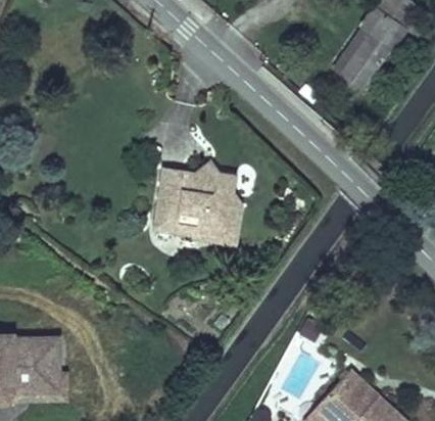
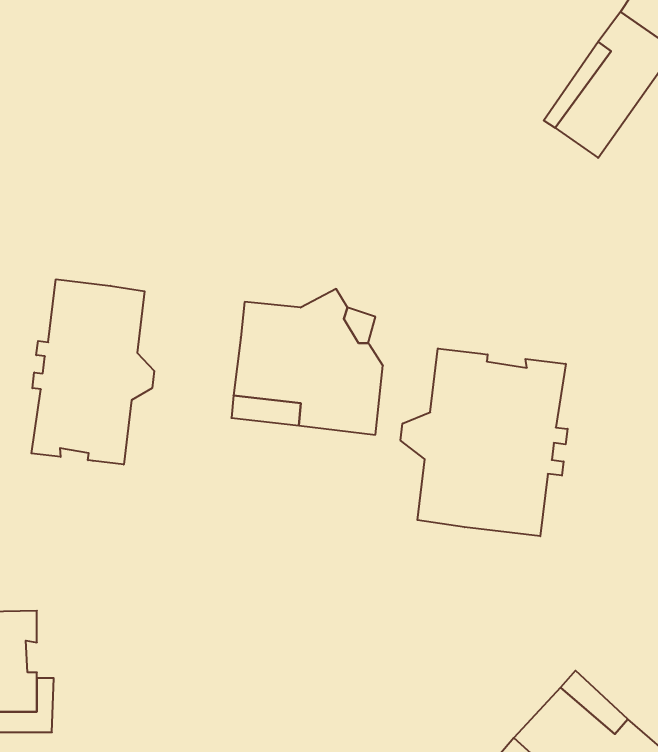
building: none -> [31,279,154,465]
building: none -> [401,348,568,536]

